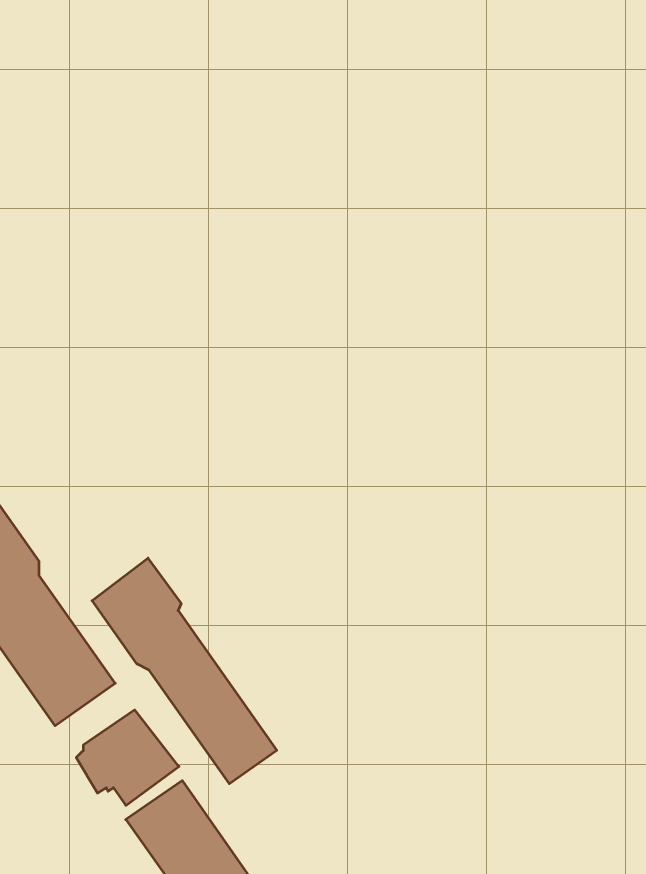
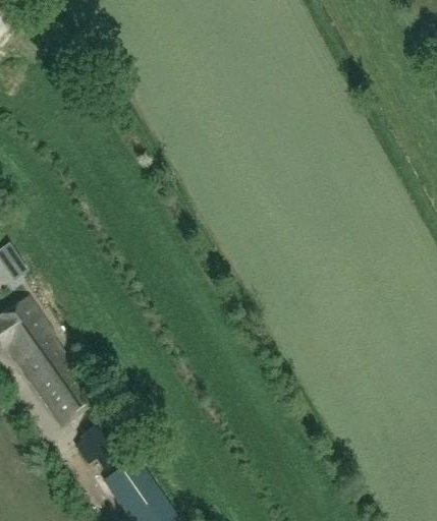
building: [92,558,277,784] -> none

